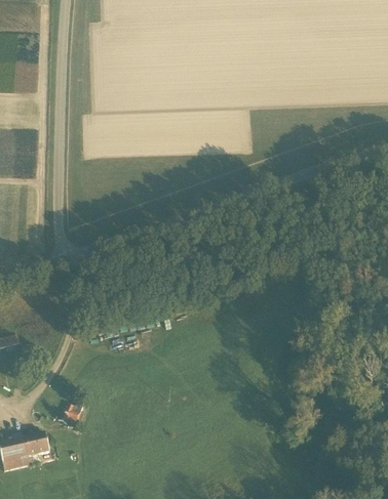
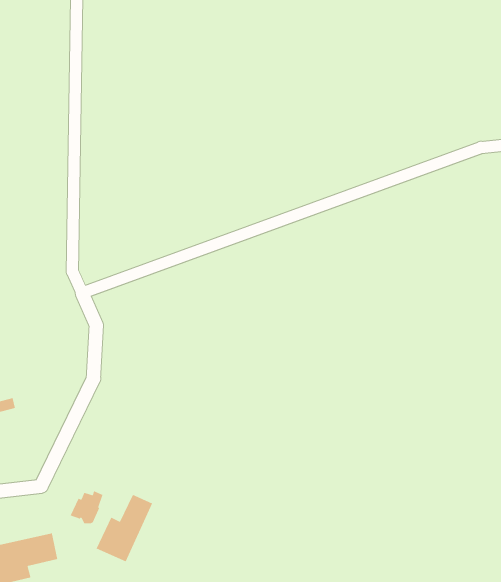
building: none -> [96,494,153,563]

